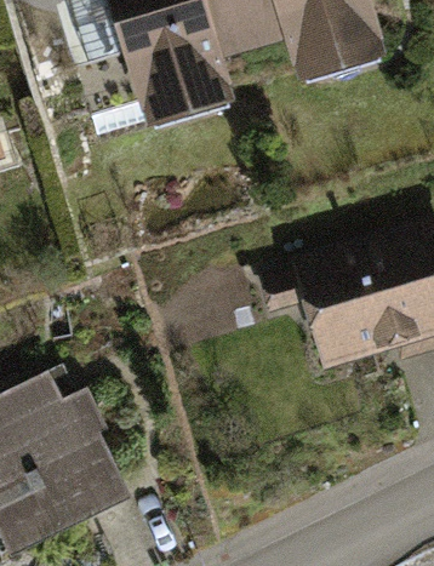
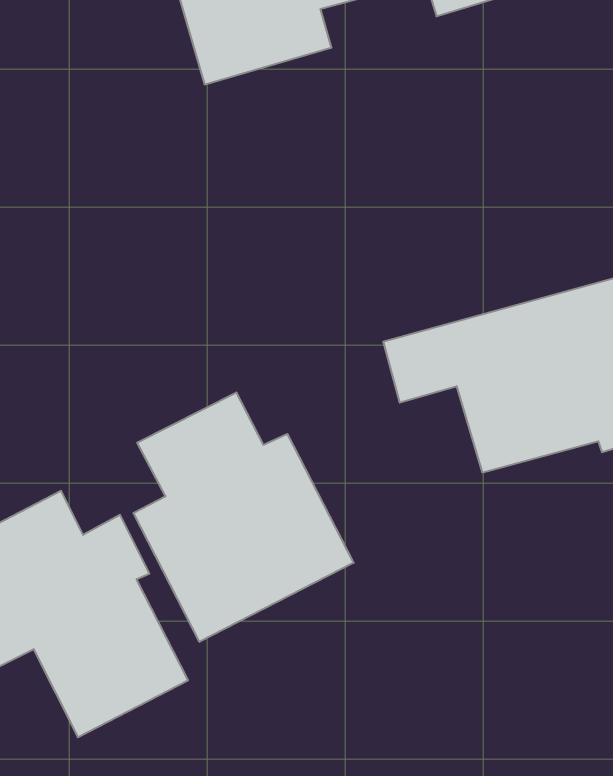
building: none -> [133,392,354,642]

